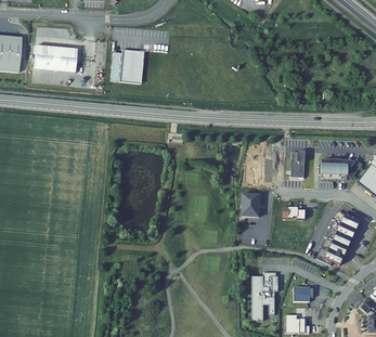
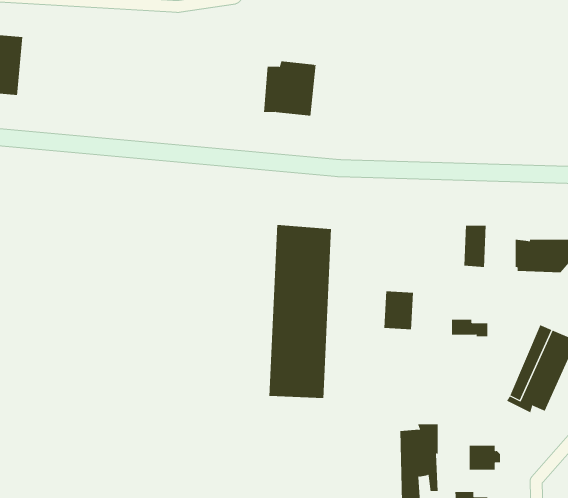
building: [35,44,78,72] -> none
building: [113,49,145,82] -> [263,61,316,116]
building: none -> [269,224,332,399]

